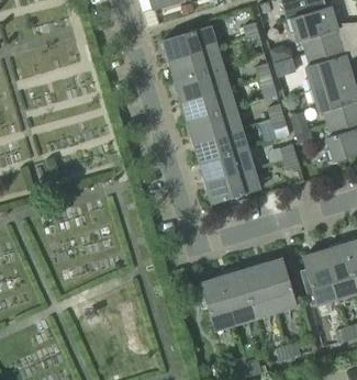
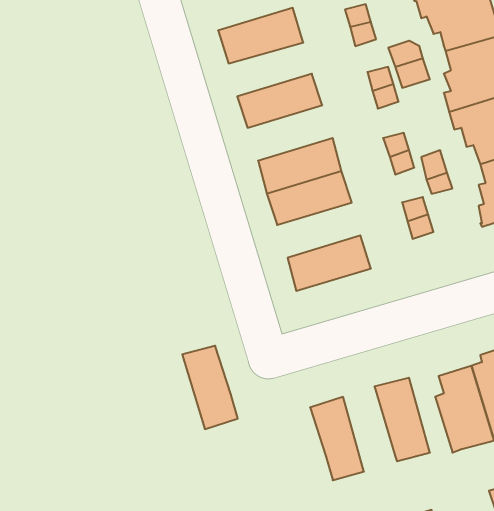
building: [170,47,223,81] -> none
building: [182,87,236,122] -> none
building: [201,148,254,183] -> none
building: [243,265,277,318] -> none
building: [201,278,236,331] -> [182,346,238,429]

